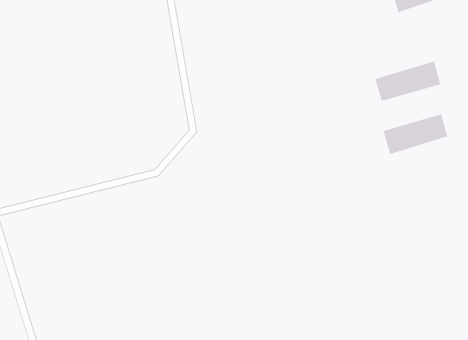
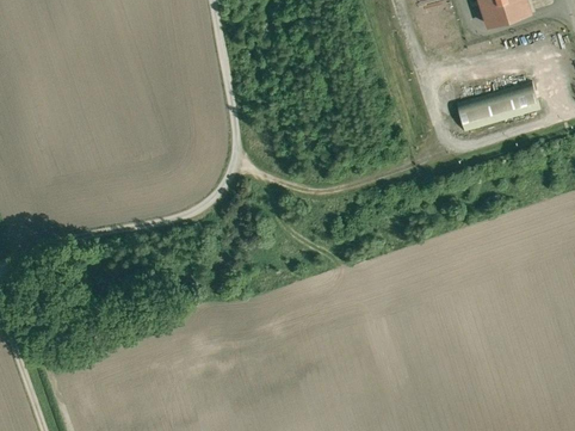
building: [383,113,448,155] -> none

